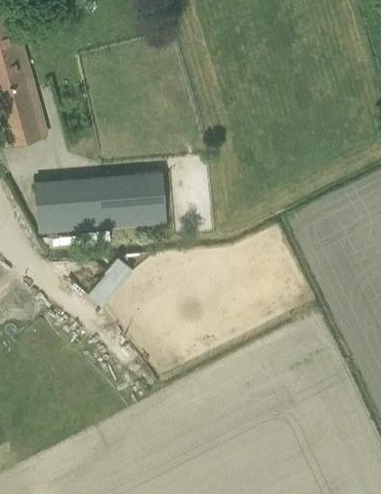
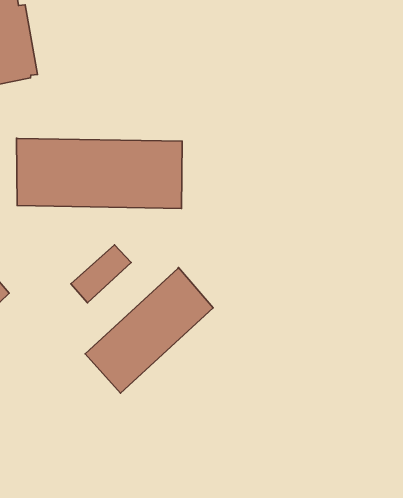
building: none -> [85,268,213,393]

